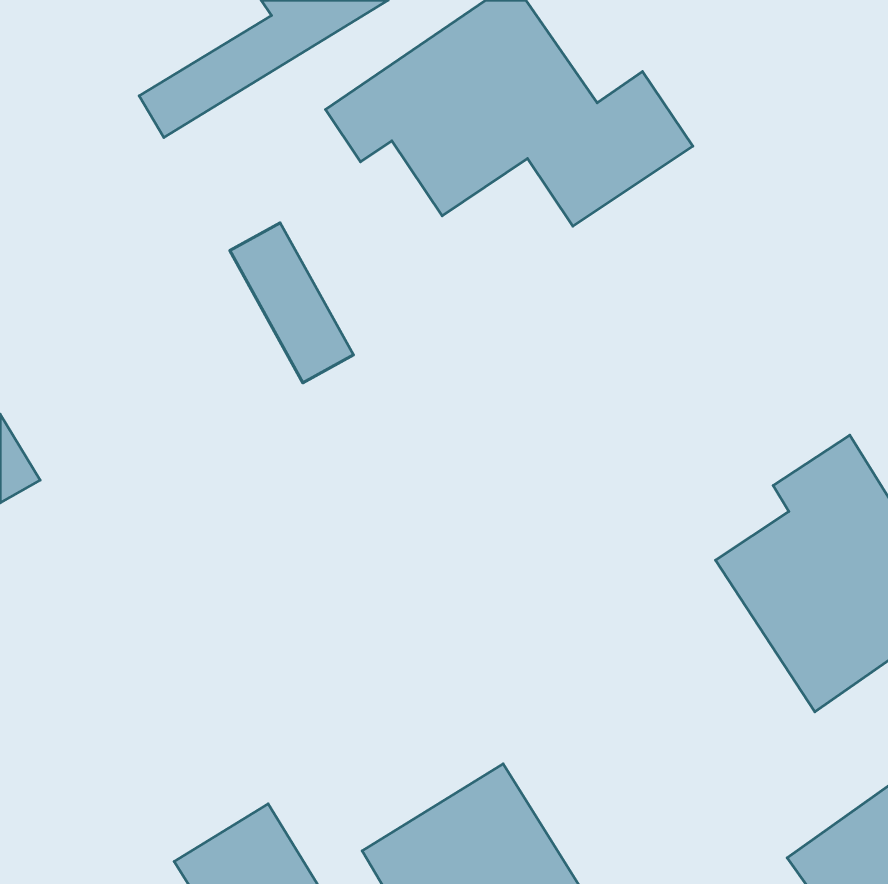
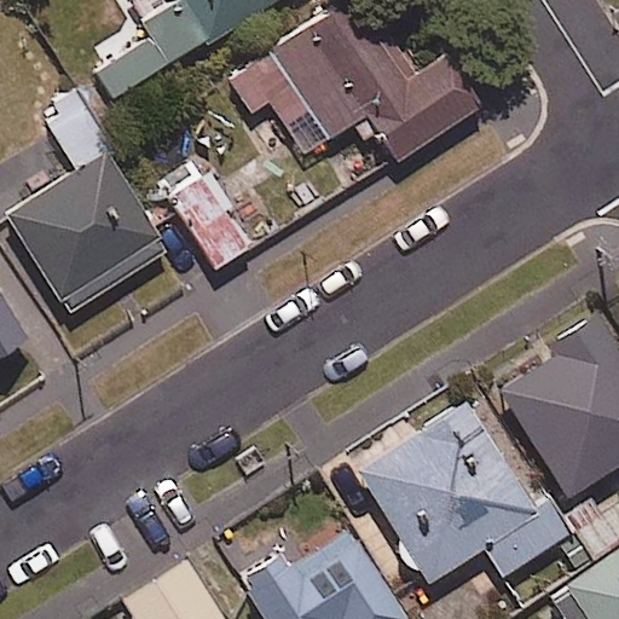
building: none -> [11,96,167,311]
building: none -> [358,400,571,582]

